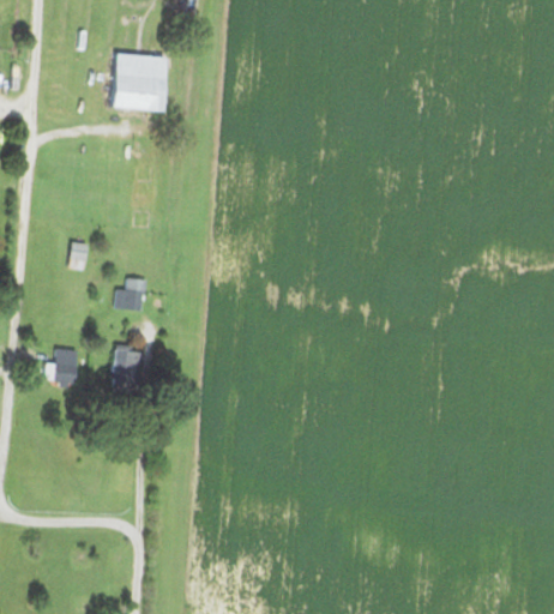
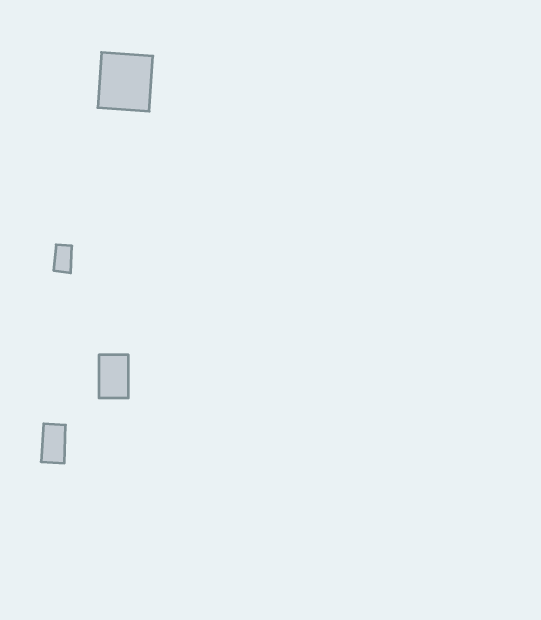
building: [114,277,146,312] -> none
building: [53,348,77,386] -> [41,424,66,463]

